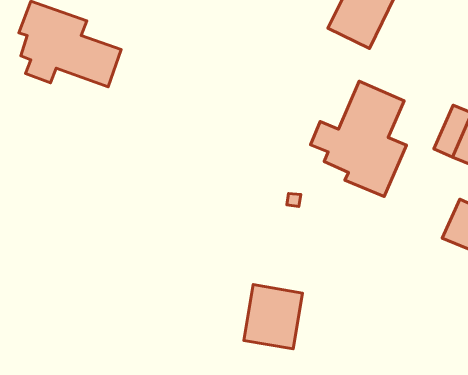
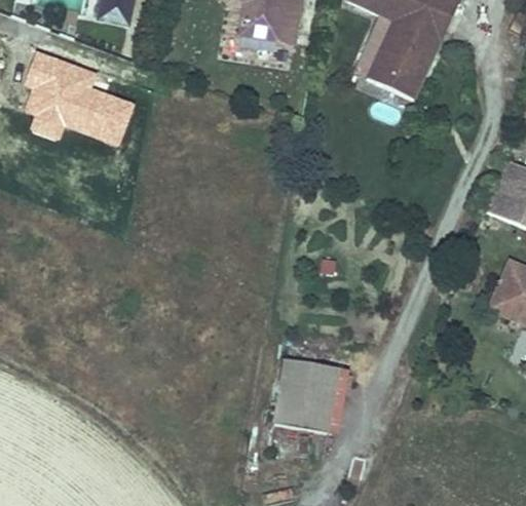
building: [311,81,407,196] -> none

